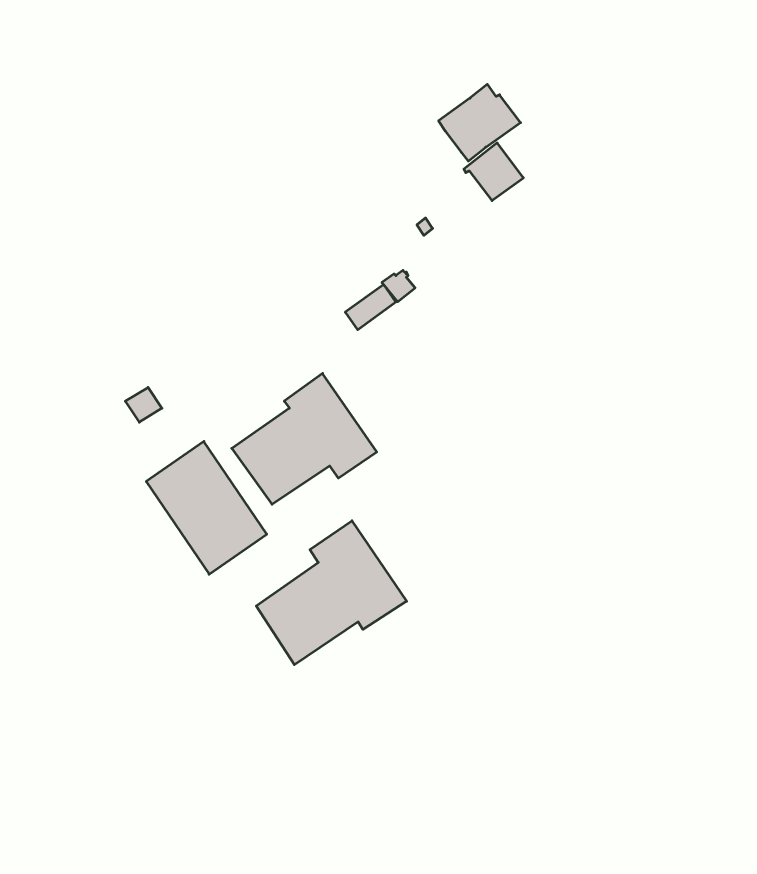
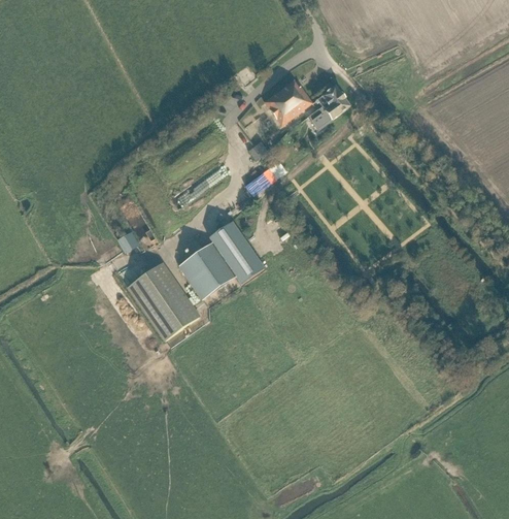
building: [439,84,521,161] -> [264,79,312,125]
building: [256,521,407,665] -> none

